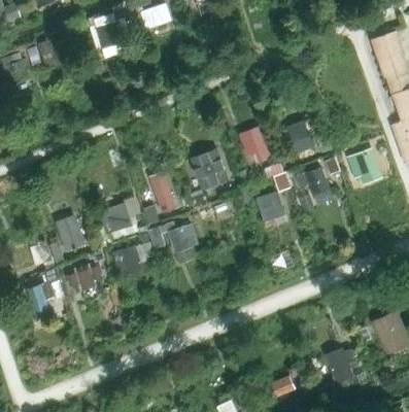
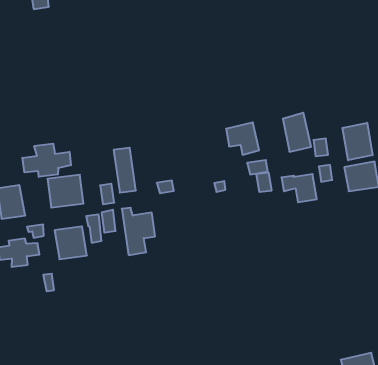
building: none -> [343,123,373,160]
building: [195,150,229,190] -> none
building: none -> [22,144,71,177]
building: [257,192,284,221] -> none

